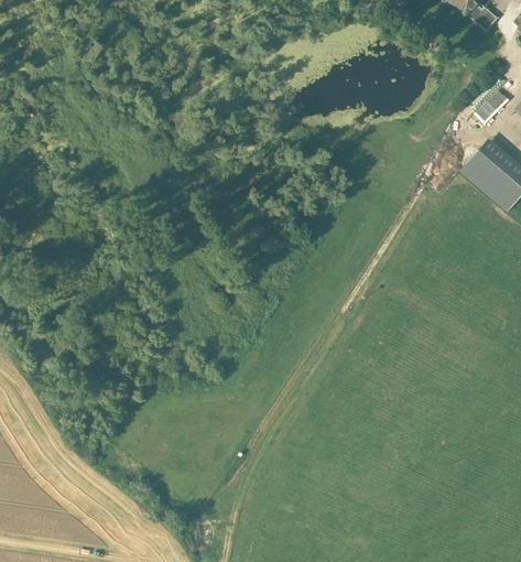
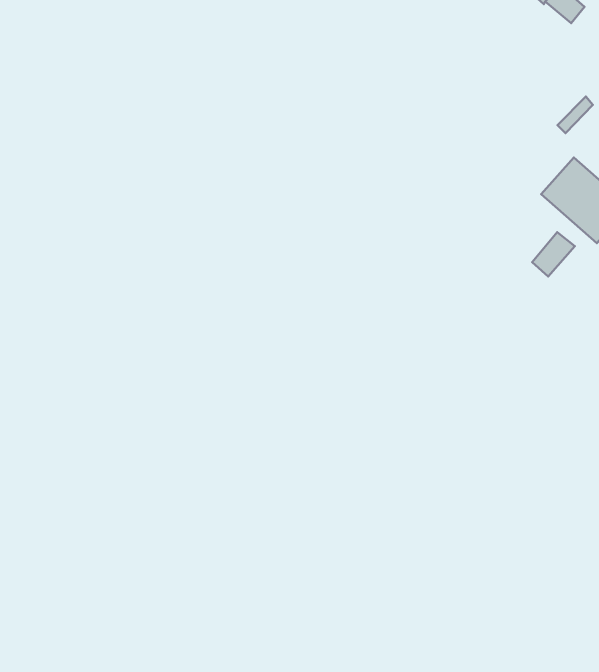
building: none -> [532,232,575,277]

